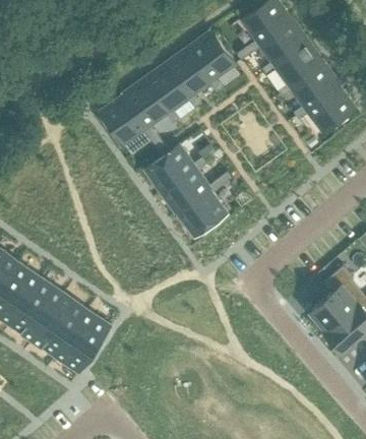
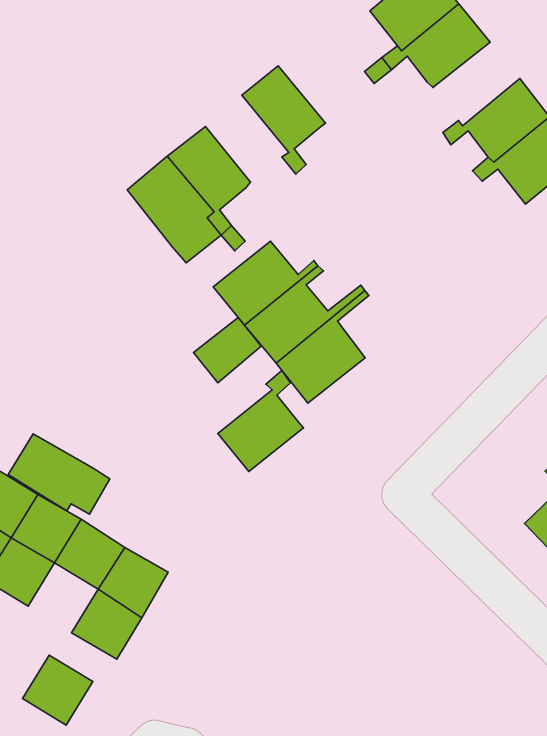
building: [189,30,236,91] -> none
building: [262,41,323,86] -> none
building: [146,62,192,123] -> none
building: none -> [194,317,261,383]
building: none -> [218,371,303,472]
building: none -> [8,434,110,514]
building: [32,316,71,356] -> [23,655,93,725]

